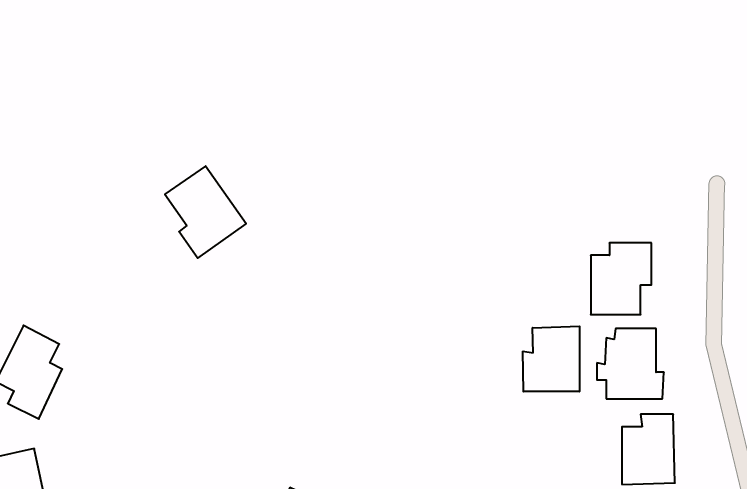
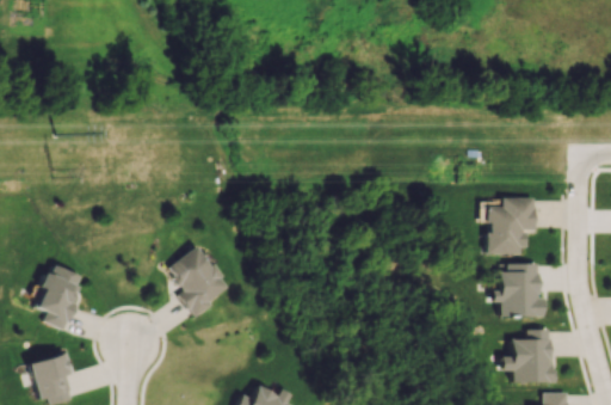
building: [165,166,246,258] -> [167,245,229,315]
building: [523,326,580,392] -> none

